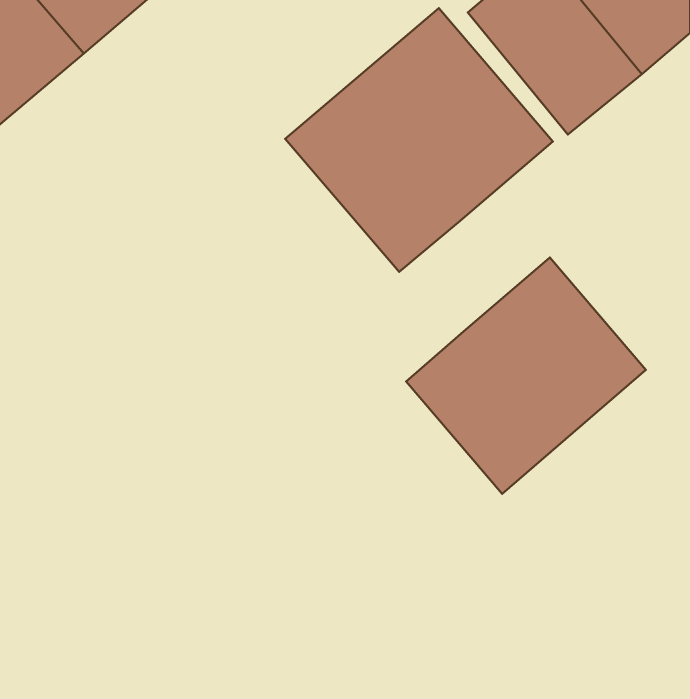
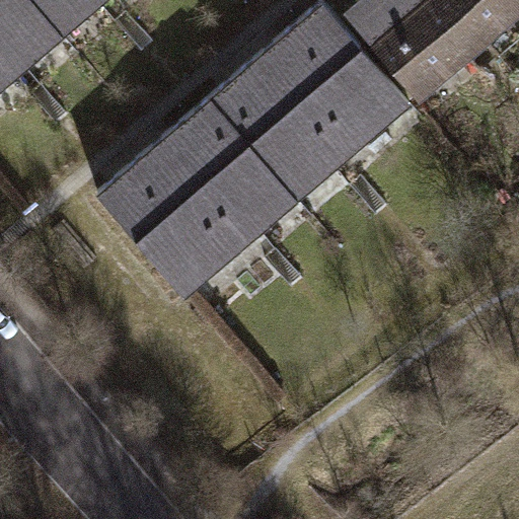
building: none -> [98,102,295,296]
building: [406,257,646,494] -> none

